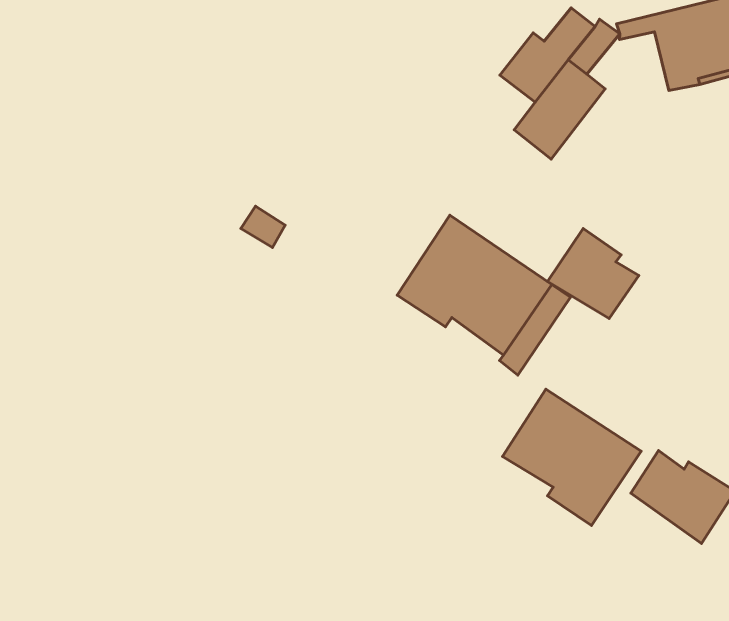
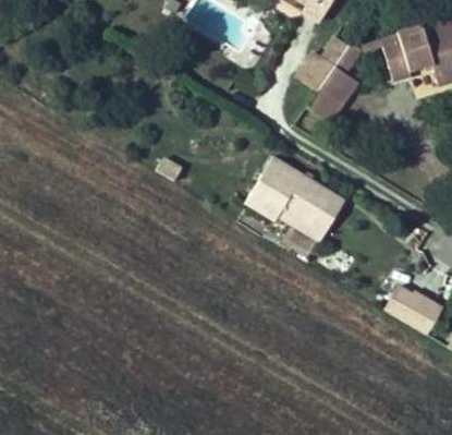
building: [547,229,639,319] -> none
building: [503,389,641,526] -> none

